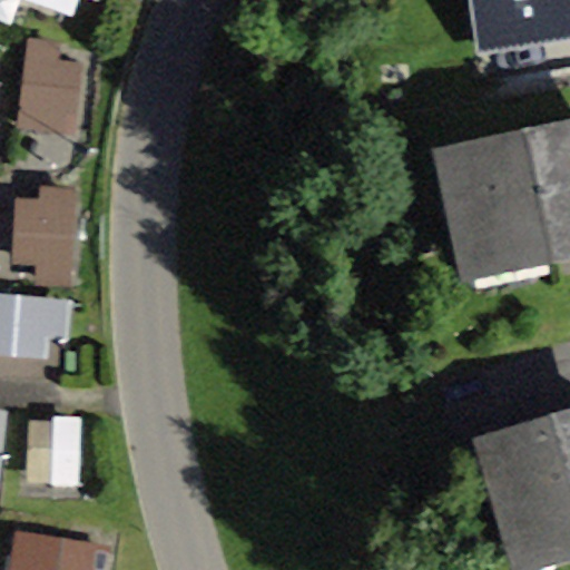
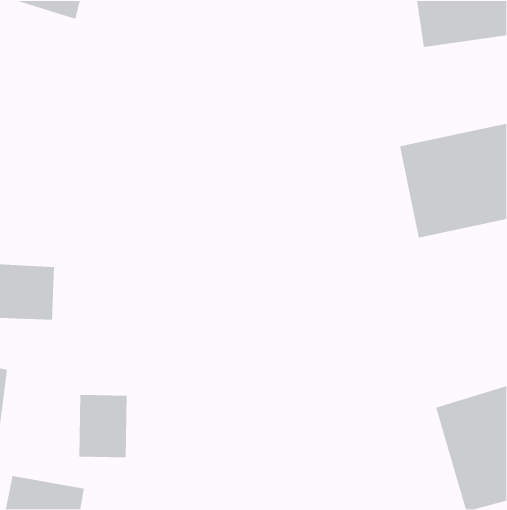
building: [11,48,89,141] -> none
building: [12,194,76,283] -> none
building: [27,417,81,489] -> [78,394,127,458]

